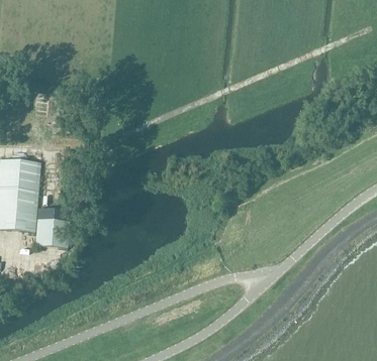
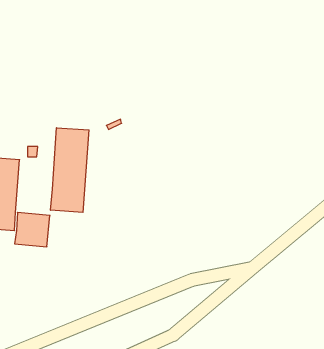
building: none -> [51,128,89,212]

